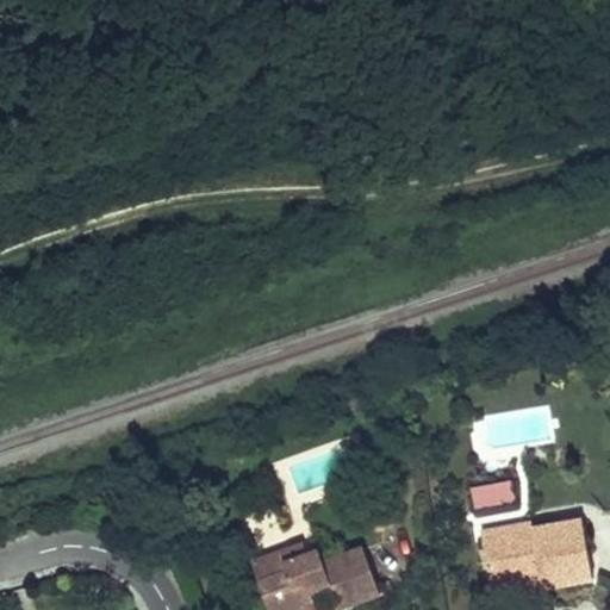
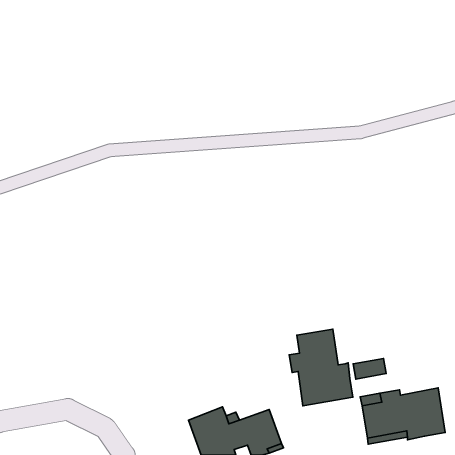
building: none -> [289,329,353,406]

